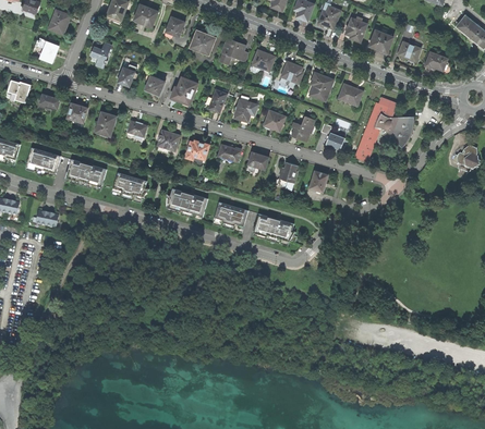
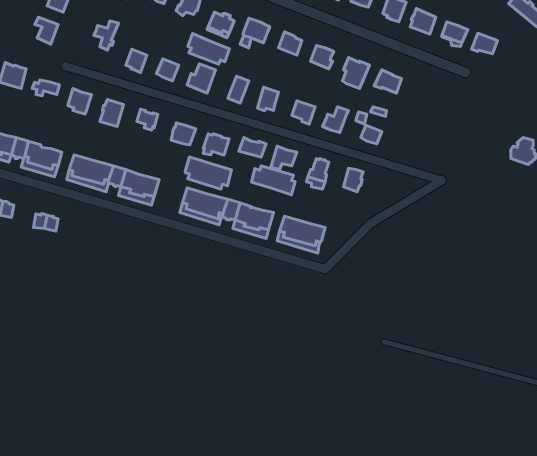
building: none -> [188,33,229,64]
building: [355,97,415,162] -> none
building: none -> [185,157,232,189]
building: none -> [252,166,295,195]

